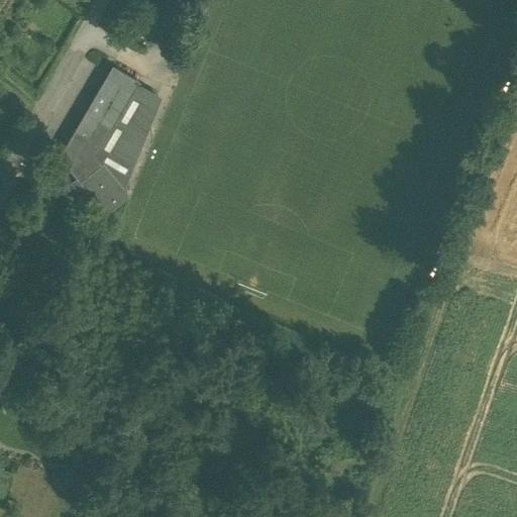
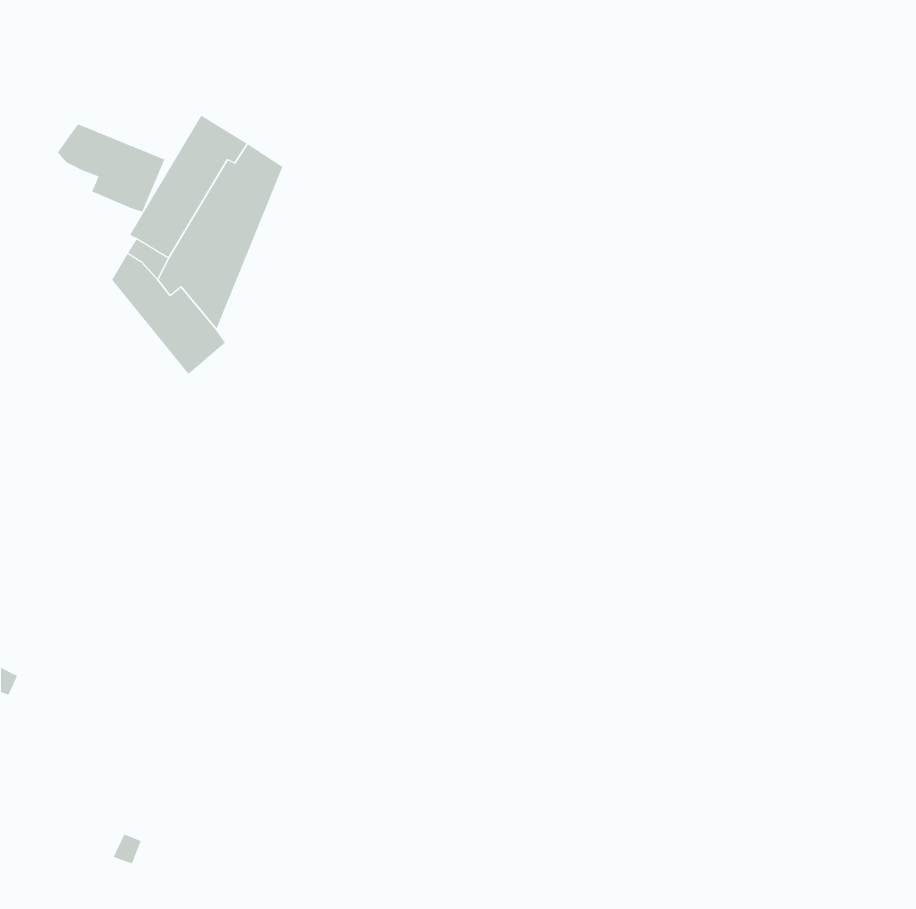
building: none -> [57,124,165,212]

